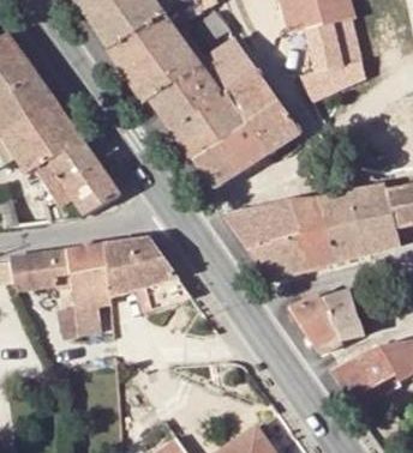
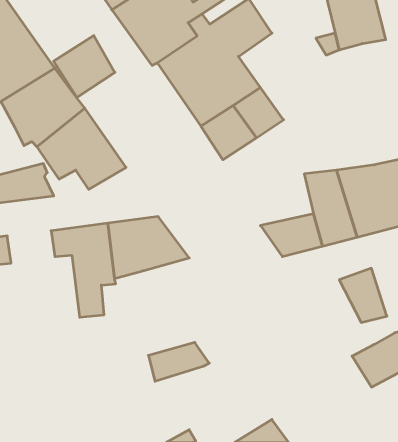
building: [226,70,299,150] -> none
building: none -> [54,36,115,97]
building: [223,200,295,248] -> none
building: [11,253,55,291] -> none
building: [137,278,193,314] -> [148,342,209,381]
building: [289,294,342,352] -> none

